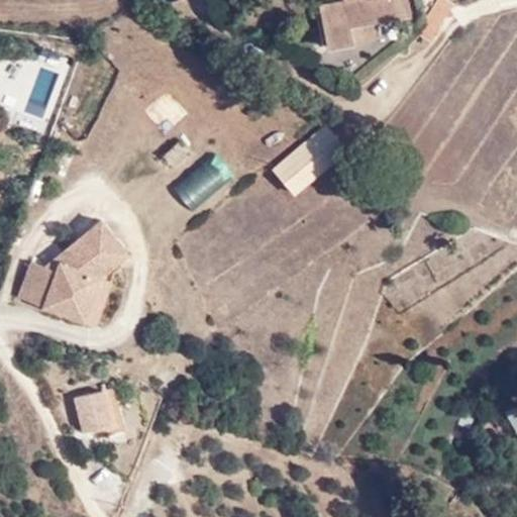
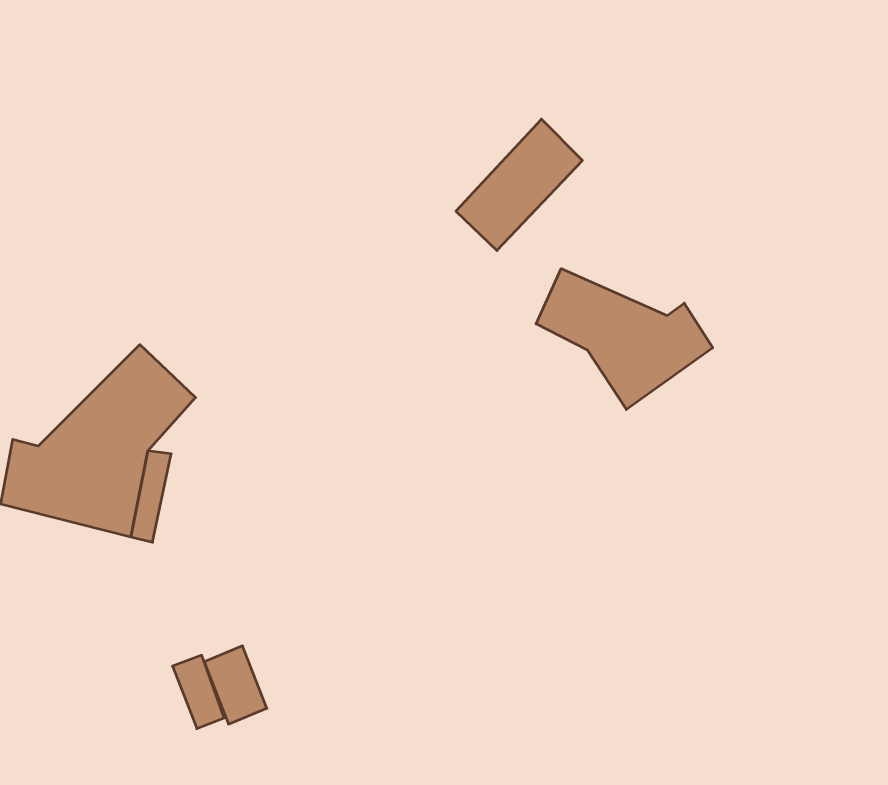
building: none -> [536,269,713,410]
building: [77,394,107,434] -> [204,646,267,724]

